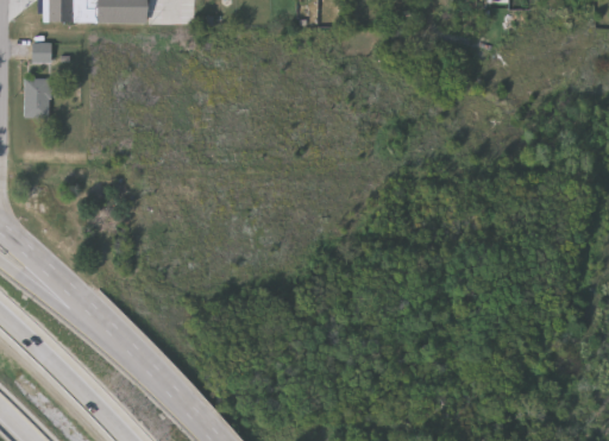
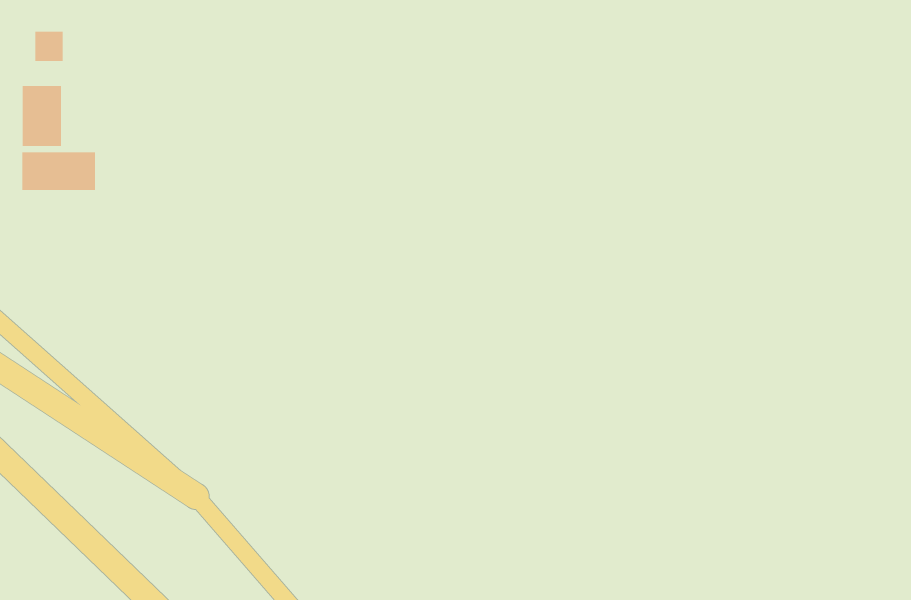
building: none -> [21,151,96,191]

